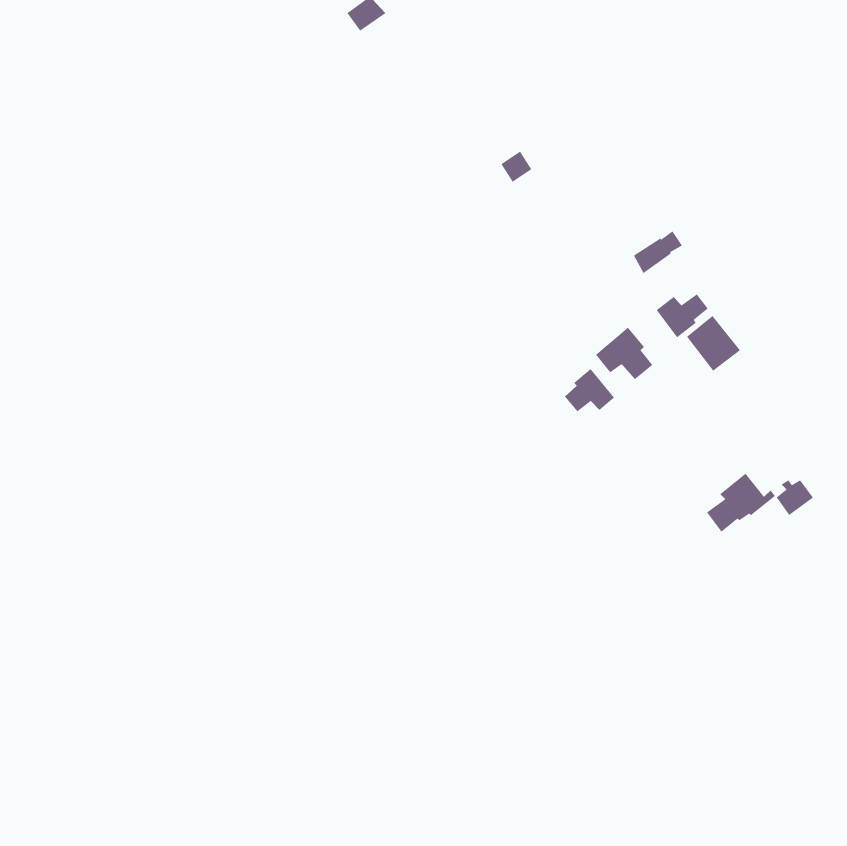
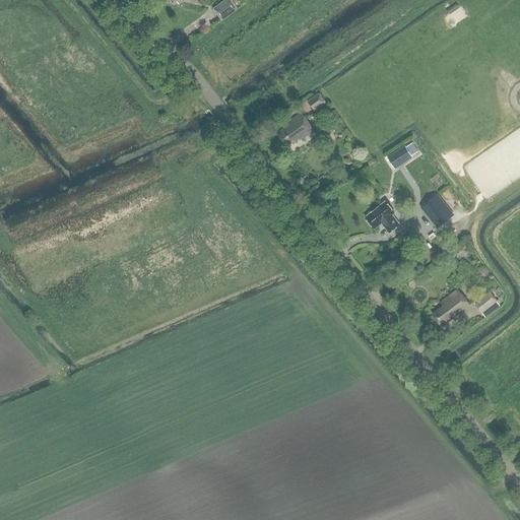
building: none -> [280,112,314,144]
building: [656,294,709,338] -> none
building: [564,368,615,412] -> none

